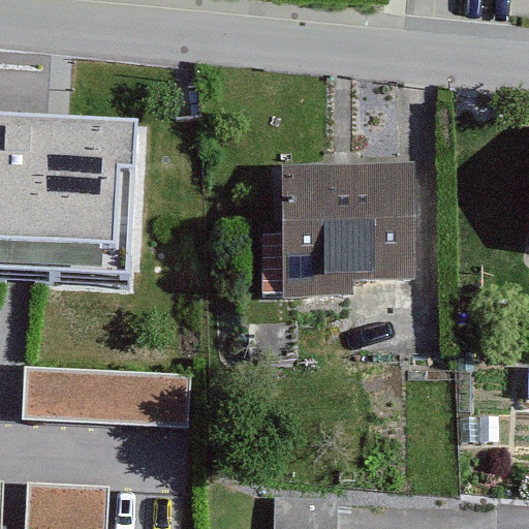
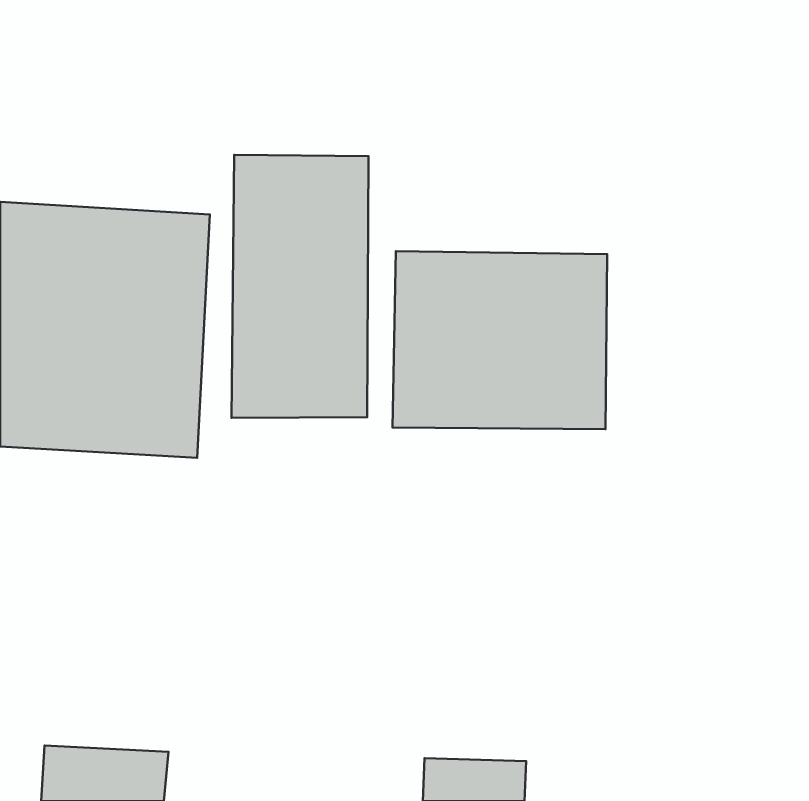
building: none -> [232,155,368,418]
building: [24,367,192,425] -> none

